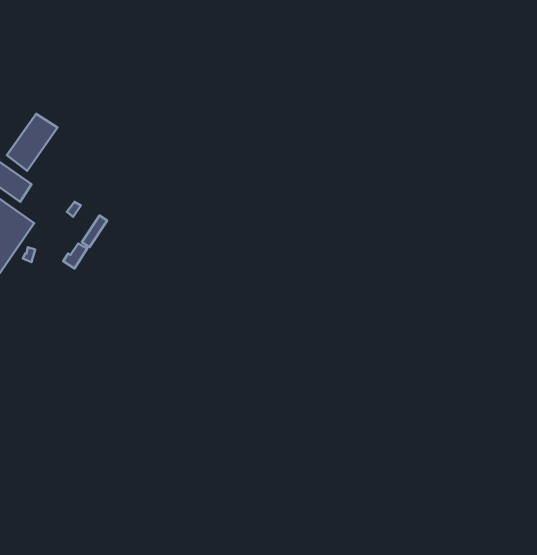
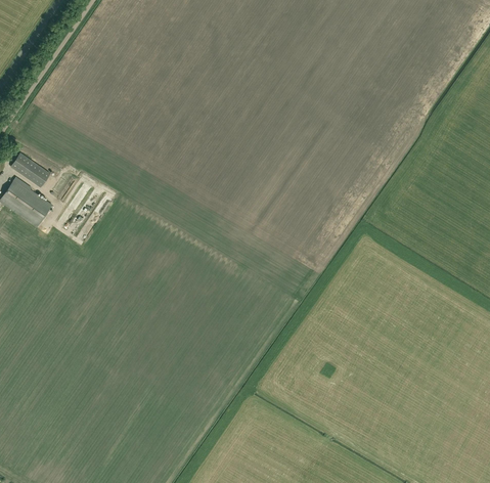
building: [7,114,58,171] -> none

